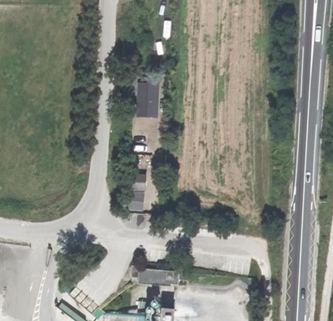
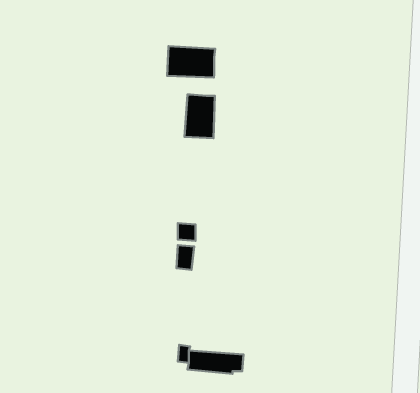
building: none -> [167,46,215,77]

